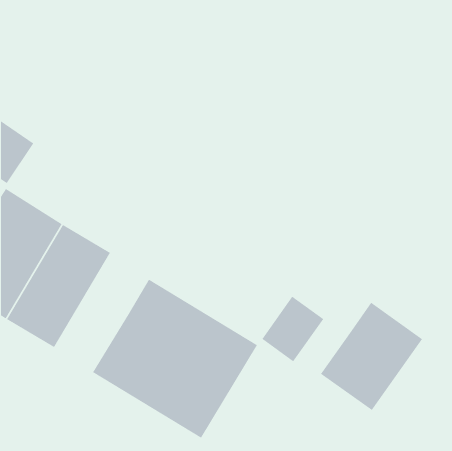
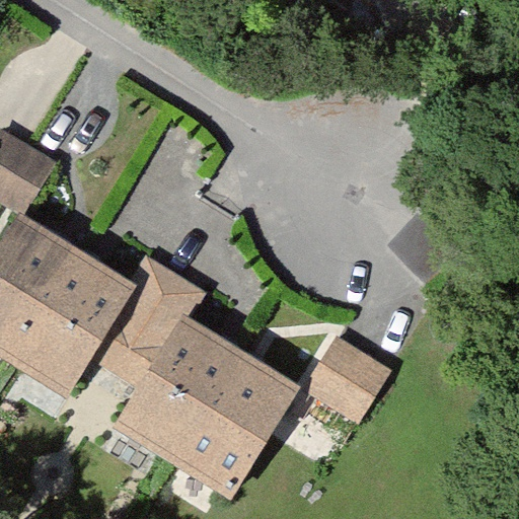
building: none -> [106,260,192,355]
building: [320,302,423,411] -> none

